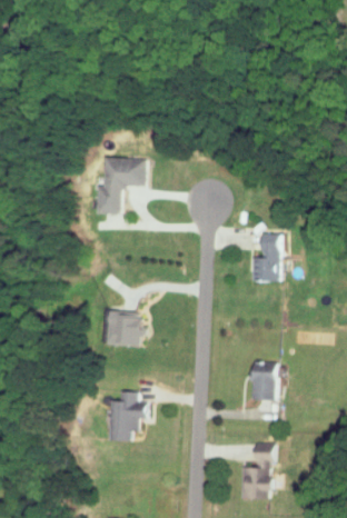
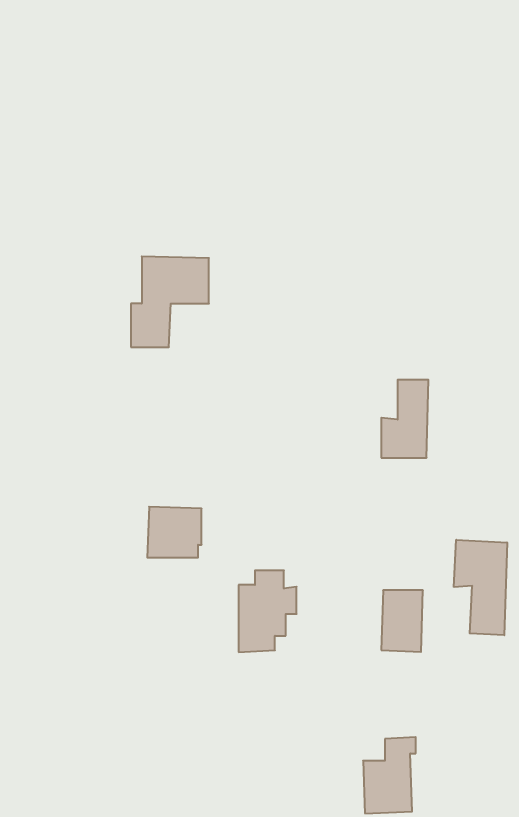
building: none -> [454,540,507,635]
building: [109,391,145,441] -> [239,570,297,652]

